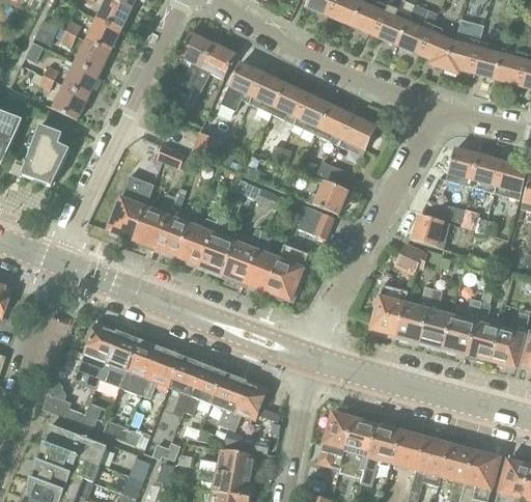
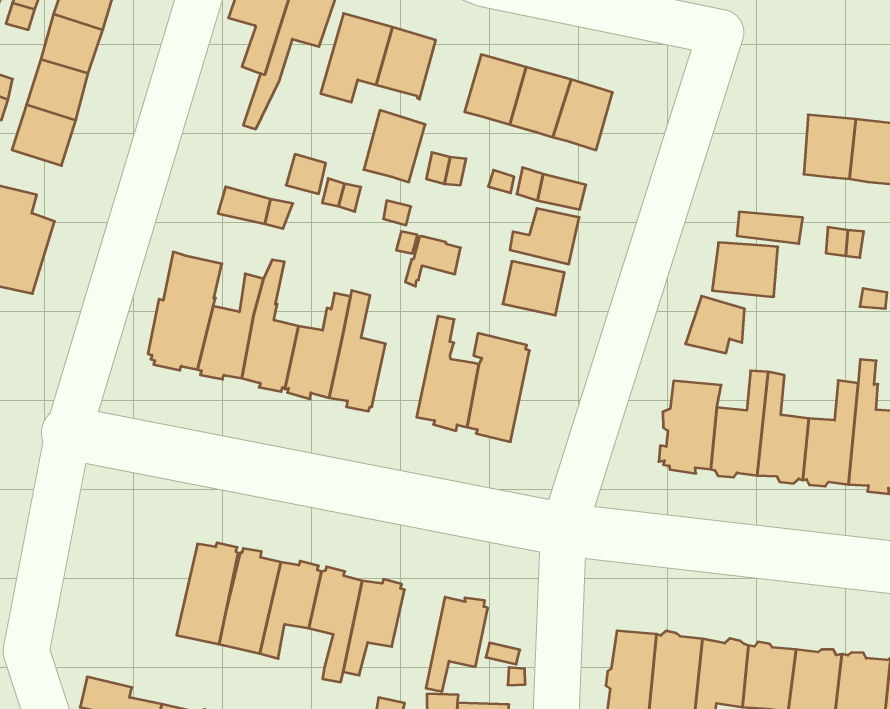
building: [273,84,309,124] -> [364,110,425,182]
building: [446,148,477,186] -> none
building: [222,227,264,282] -> none
building: [74,320,118,389] -> none
building: [213,370,245,426] -> none

